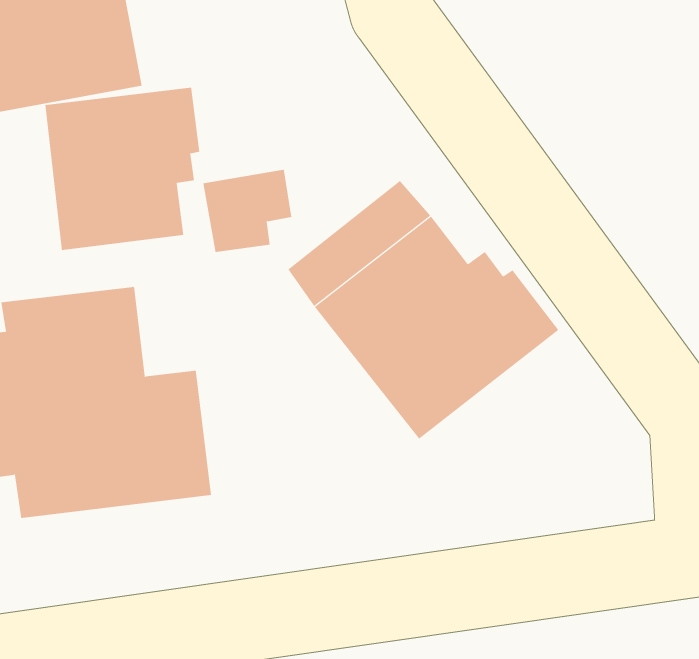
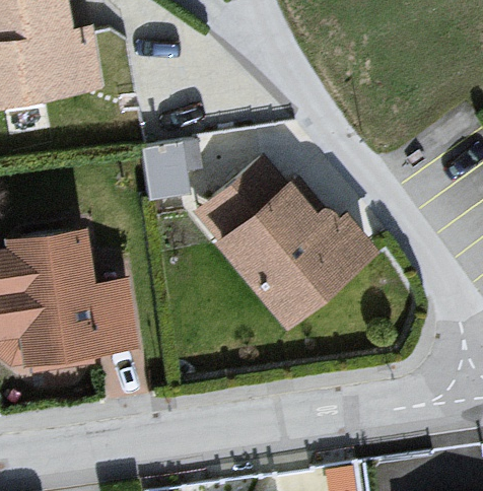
building: [45,87,200,251] -> none

